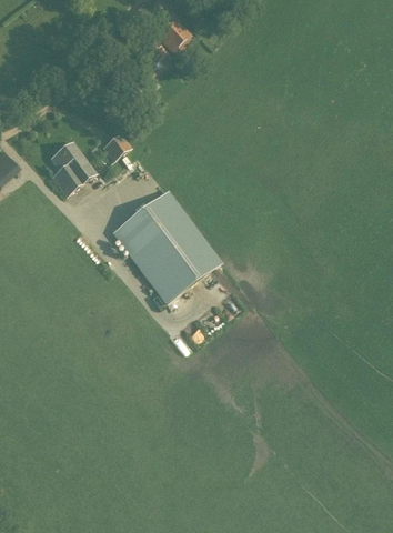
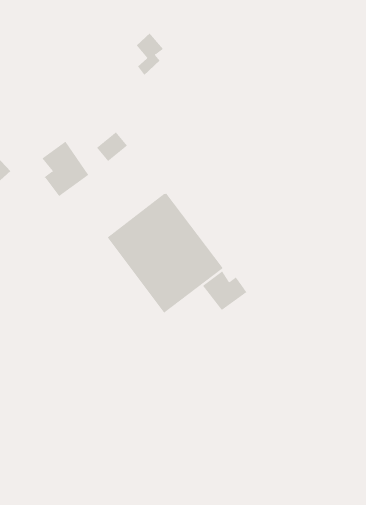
building: [157,17,190,50] -> none
building: none -> [202,271,247,311]

